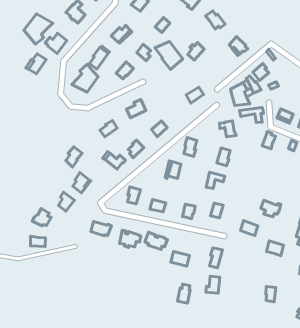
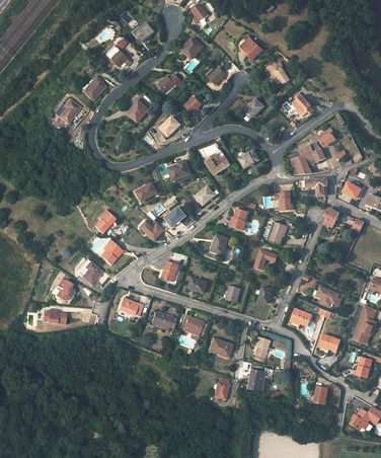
building: [24,14,53,44] -> none
building: [155,41,183,69] -> [199,143,230,175]
building: [72,64,98,92] -> none

